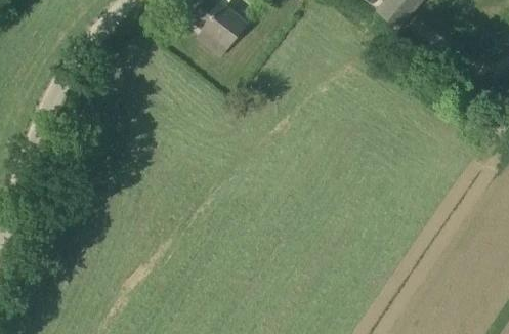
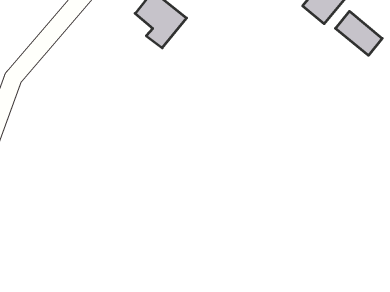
building: none -> [335,11,382,55]

